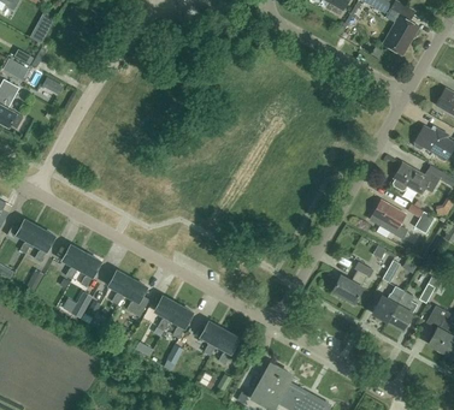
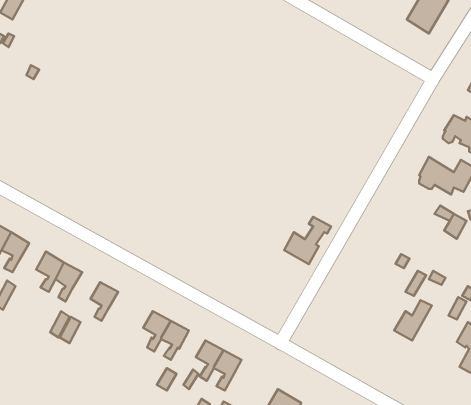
building: [370,200,407,238] -> none
building: [332,262,373,303] -> [284,217,331,264]
building: [124,279,149,316] -> none
building: [388,291,418,329] -> none

